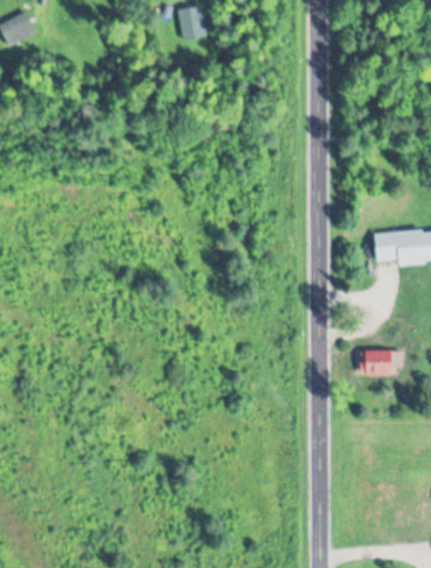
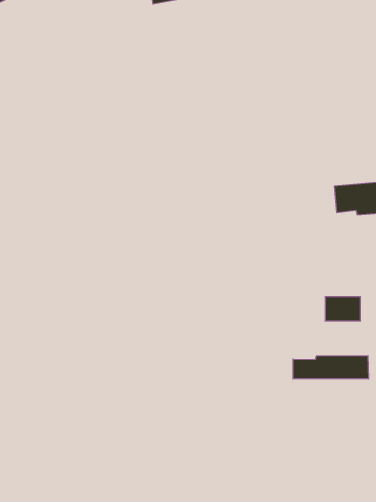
building: none -> [293,356,368,379]

